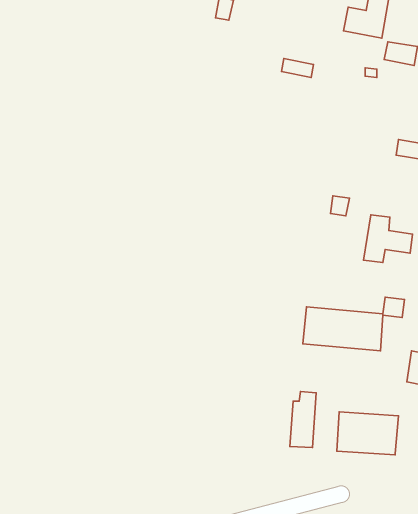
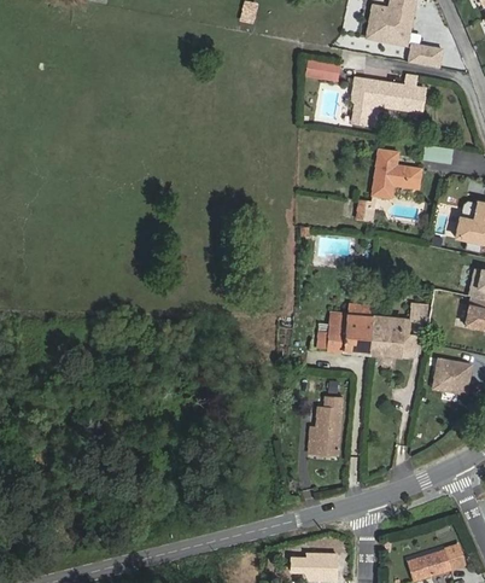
building: none -> [350,76,423,127]
building: [364,215,413,263] -> [370,150,420,198]
building: [337,412,398,455] -> none

